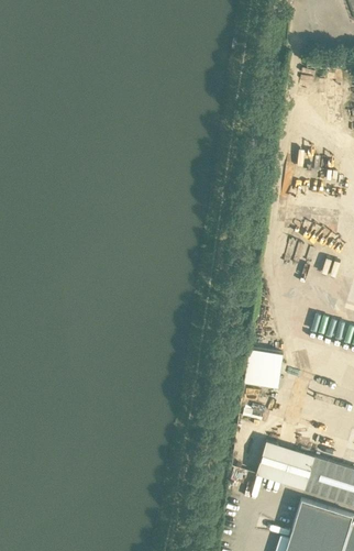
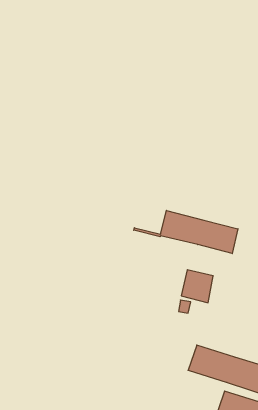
building: none -> [134,210,238,254]

